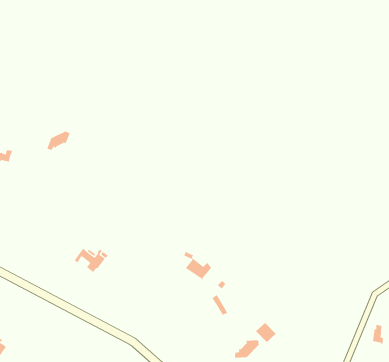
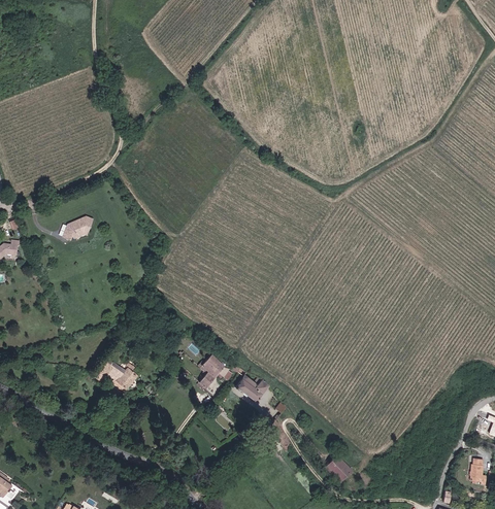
building: none -> [198,354,233,387]
building: [235,340,259,358] -> none

